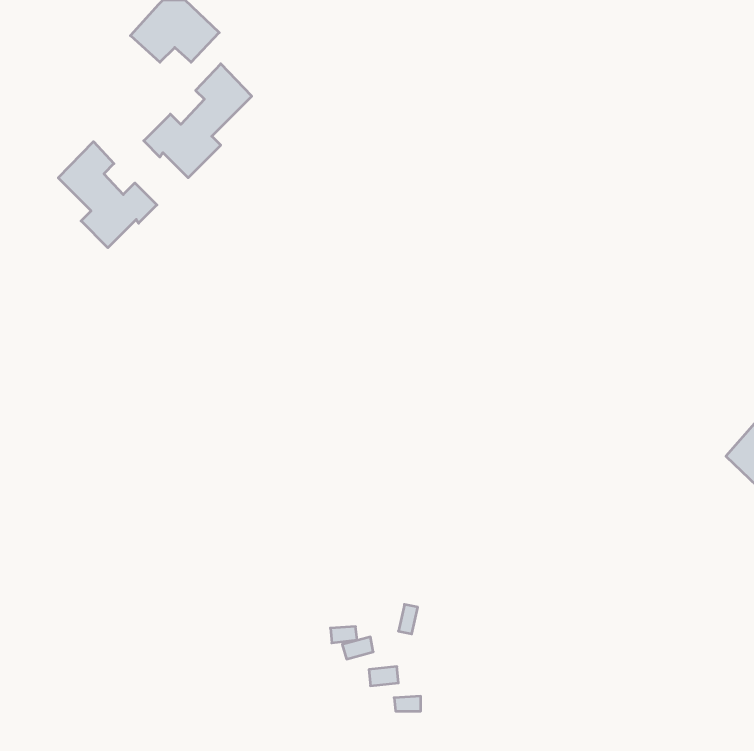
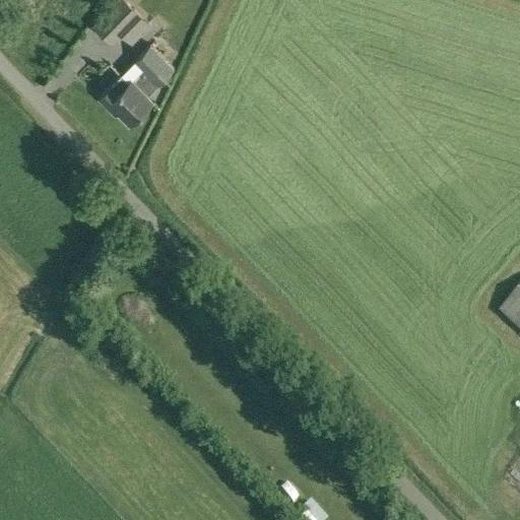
building: [58,142,157,248] -> none

